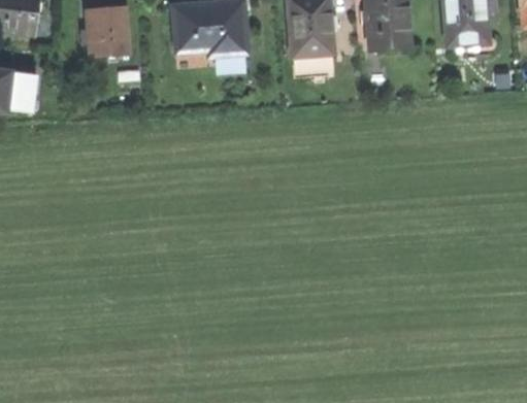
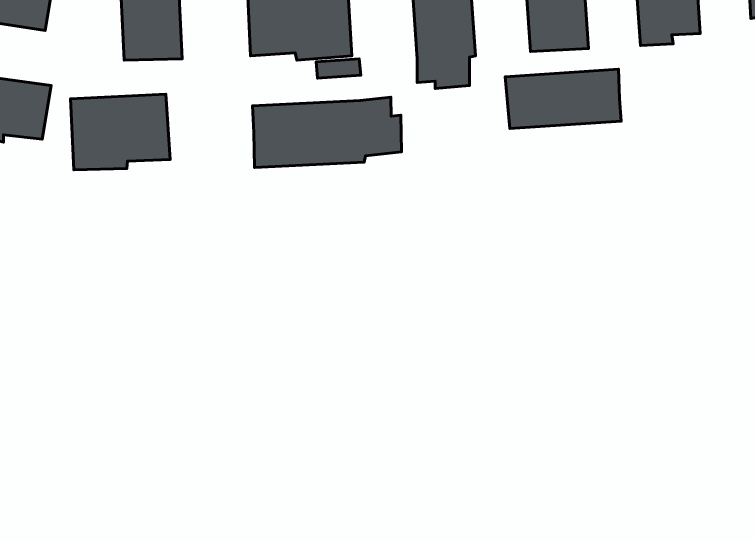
building: none -> [505,69,621,129]
building: none -> [71,94,170,170]
building: none -> [252,97,402,168]

